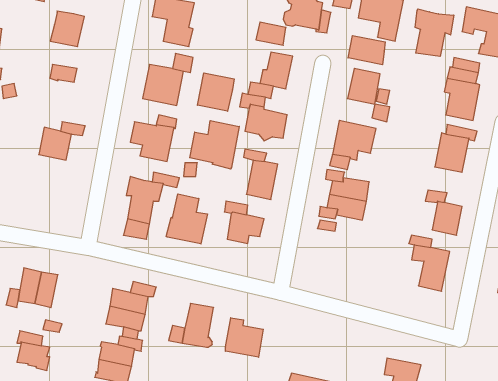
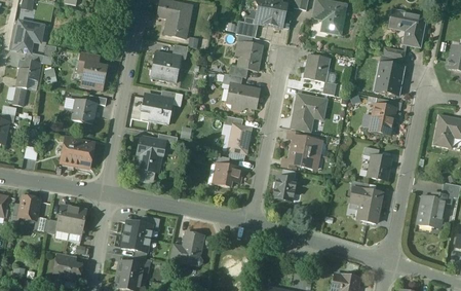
building: [415,9,454,56] -> none
building: [50,11,84,47] -> [81,63,107,89]
building: [348,36,385,65] -> none
building: [197,73,234,111] -> none
building: [190,121,239,169] -> none
building: none -> [61,138,93,168]
building: [166,194,207,244] -> none
building: none -> [273,176,296,199]
building: [225,318,263,357] -> none

